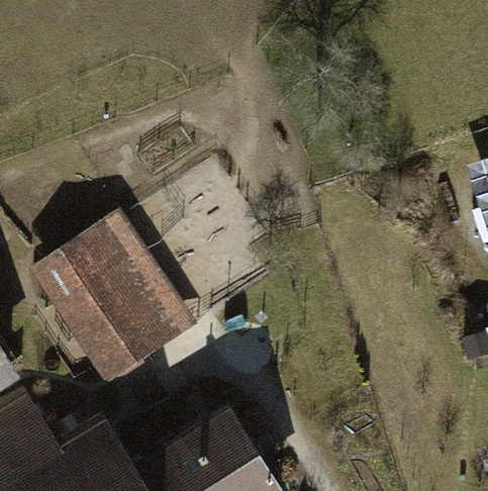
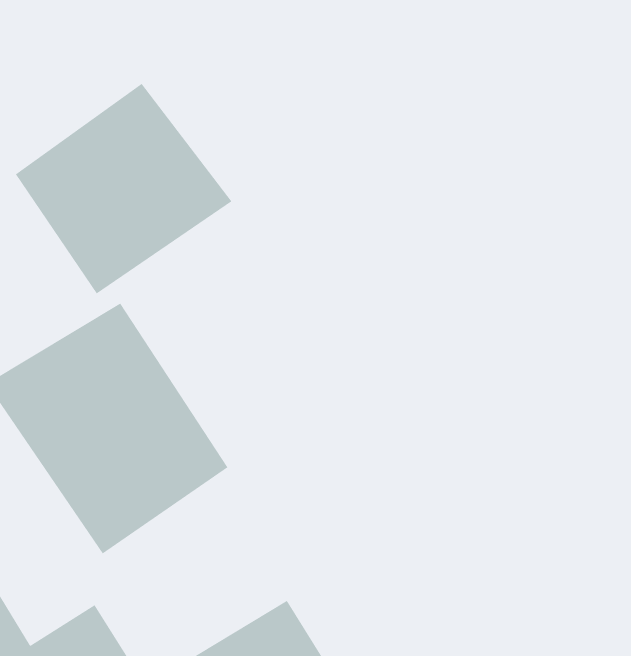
building: none -> [15,83,232,294]

